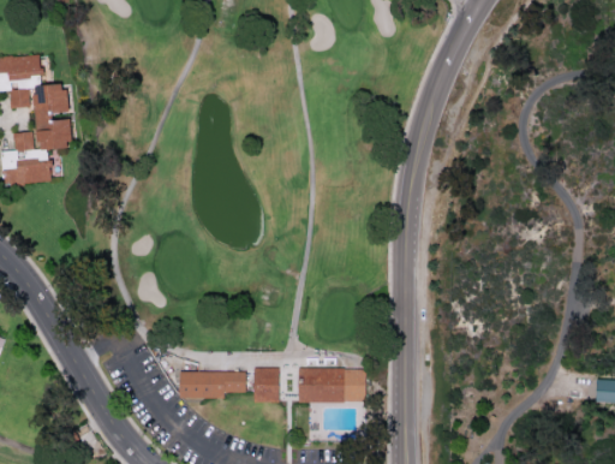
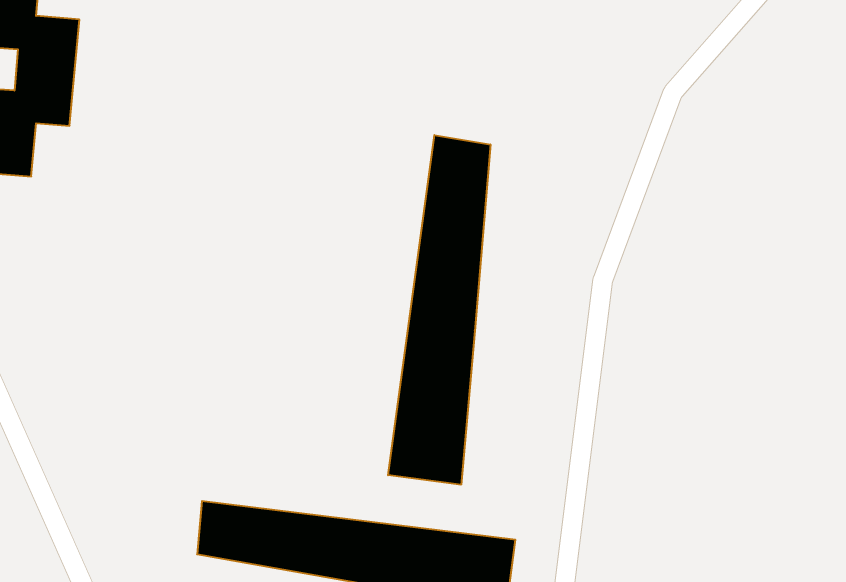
building: none -> [388,135,490,485]

